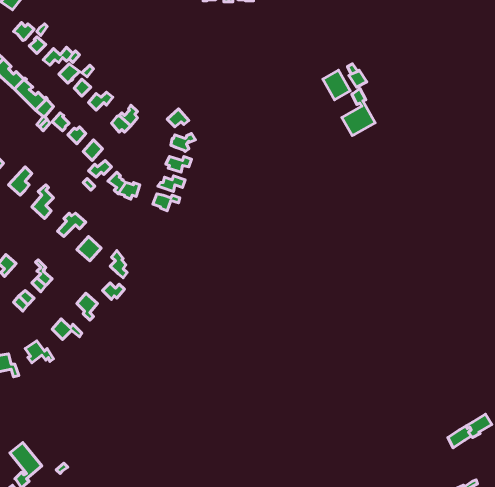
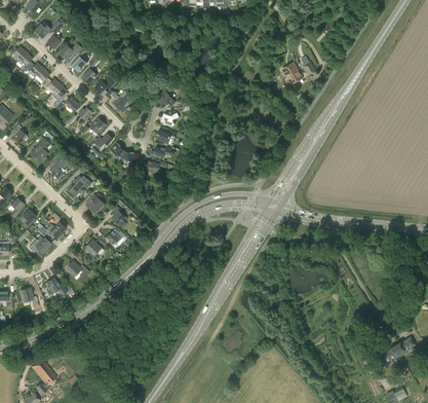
building: [342,89,375,136] -> none

